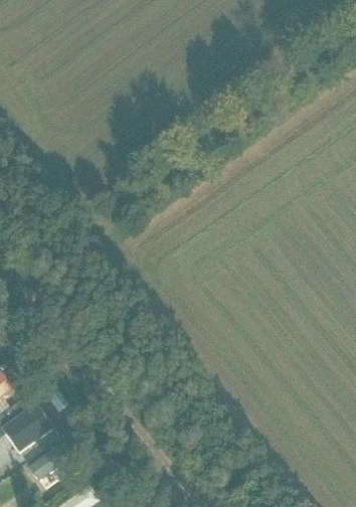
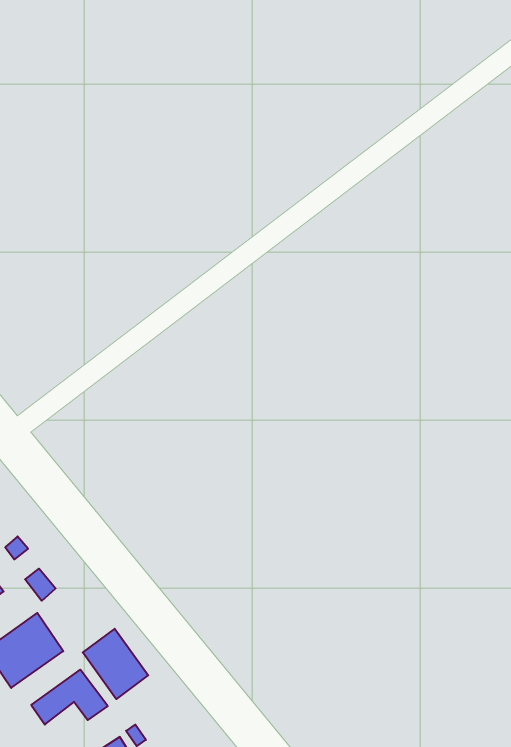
building: none -> [83,629,148,699]

